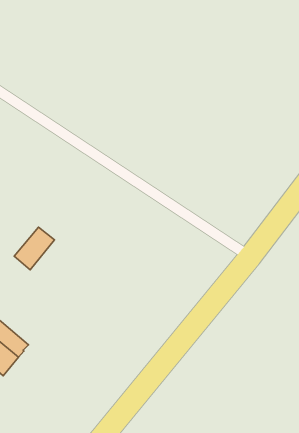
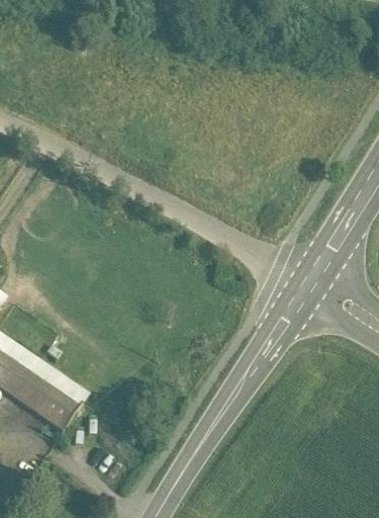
building: [14,227,55,270] -> none

